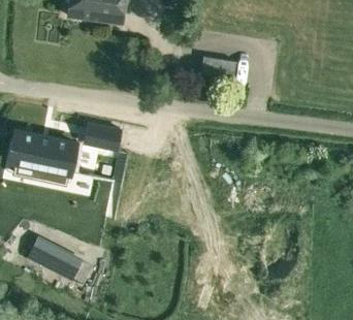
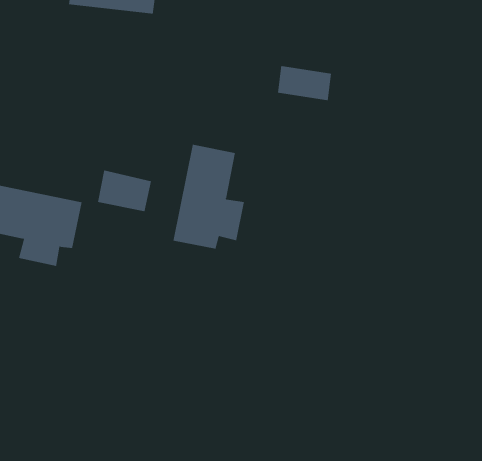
building: none -> [173,144,245,250]
building: [29,237,83,279] -> none

